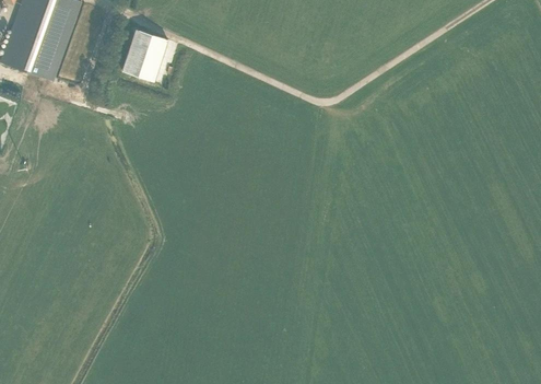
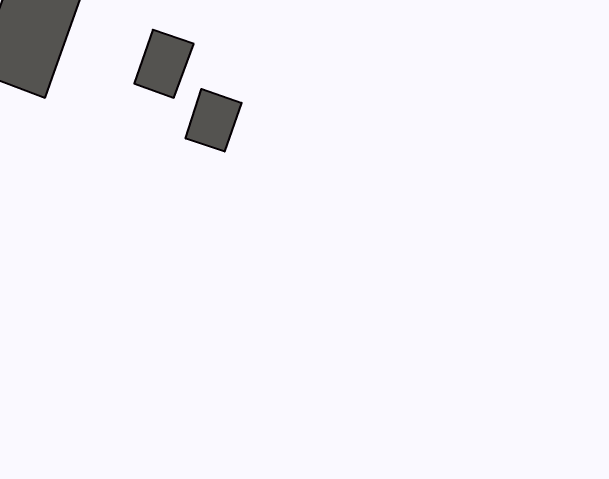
building: none -> [186,89,242,152]

